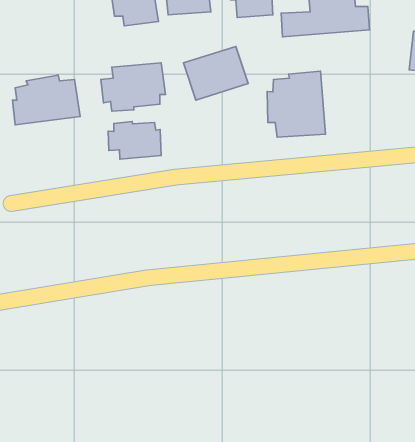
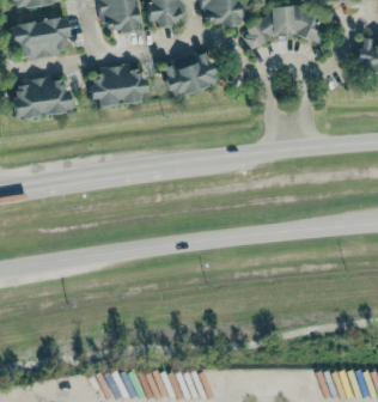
building: none -> [10,17,71,59]
building: [267,71,326,137] -> none
building: [108,122,161,159] -> none

